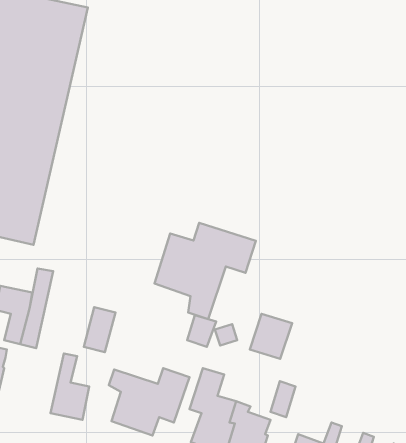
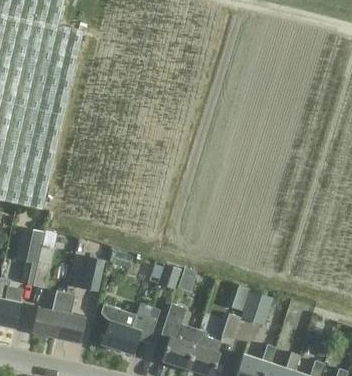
building: [154,223,256,319] -> none
building: [250,314,292,359] -> [240,291,272,325]
building: none -> [32,290,65,337]

